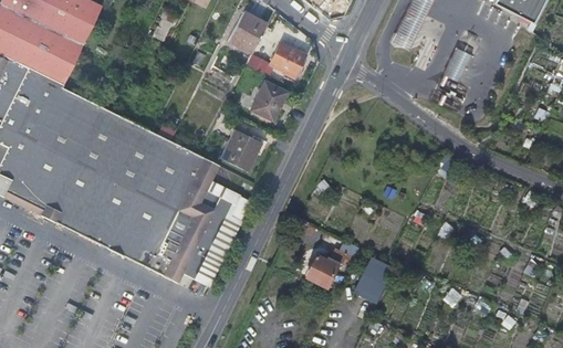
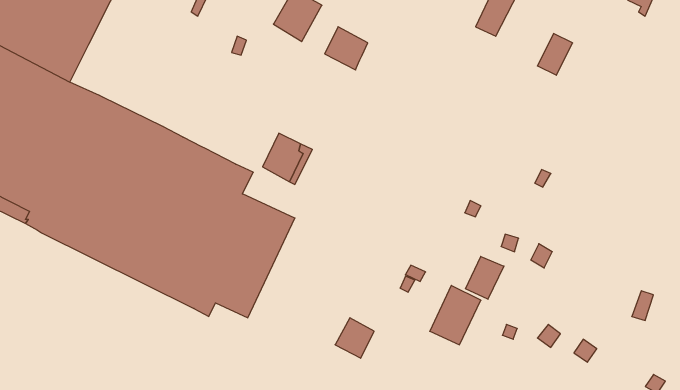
building: [250,82,285,122] -> none
building: none -> [466,256,504,299]
building: [309,253,341,286] -> [335,318,374,358]

